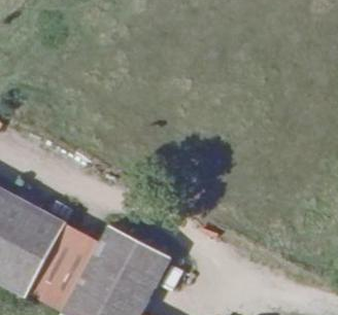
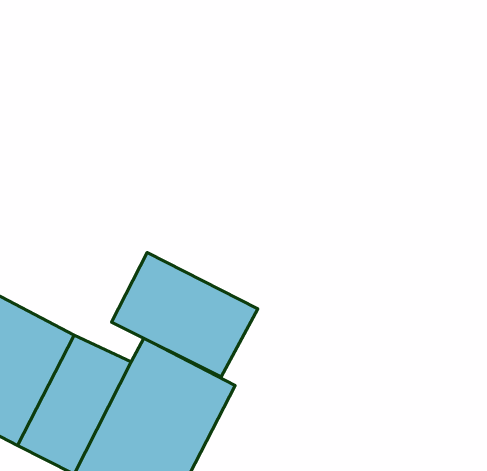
building: none -> [111,253,258,377]

